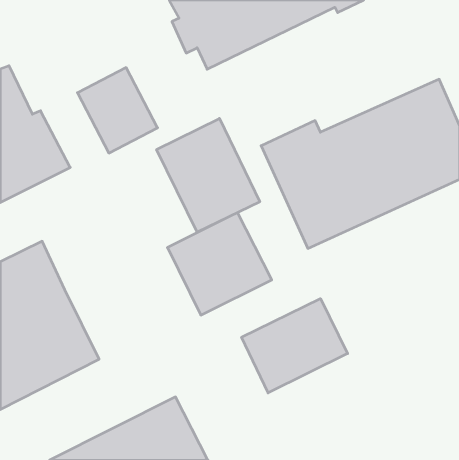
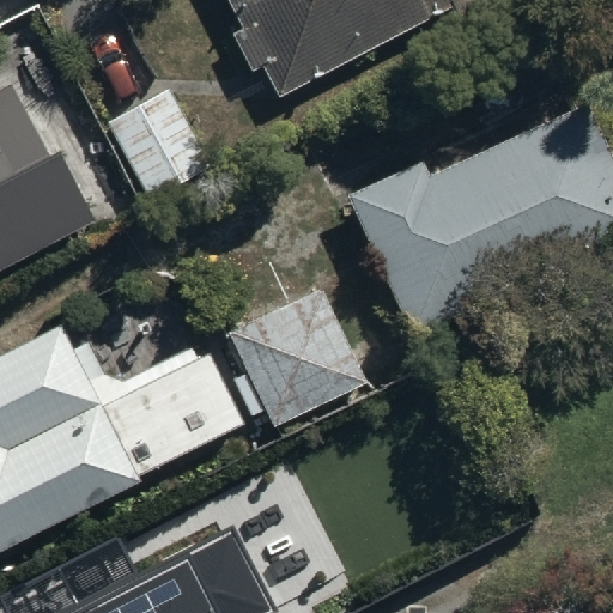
building: [157,118,260,232] -> none
building: none -> [87,350,243,478]
building: [242,299,348,393] -> none

